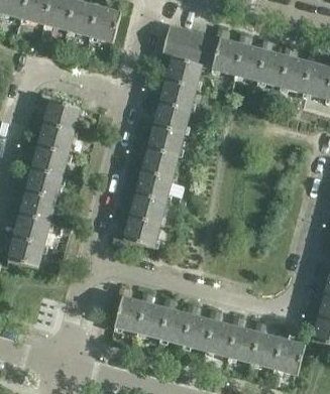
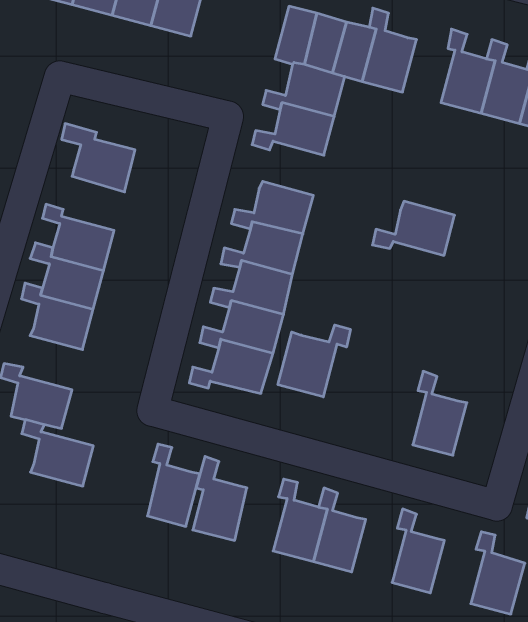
building: [235,32,265,81] -> none
building: [142,103,190,134] -> [372,201,455,255]
building: [32,116,75,154] -> none
building: [9,208,50,246] -> [22,420,93,486]
building: none -> [278,325,350,397]
building: [138,291,169,339] -> [147,444,200,526]
building: [206,308,237,357] -> [413,371,467,455]
building: [251,321,283,369] -> none

